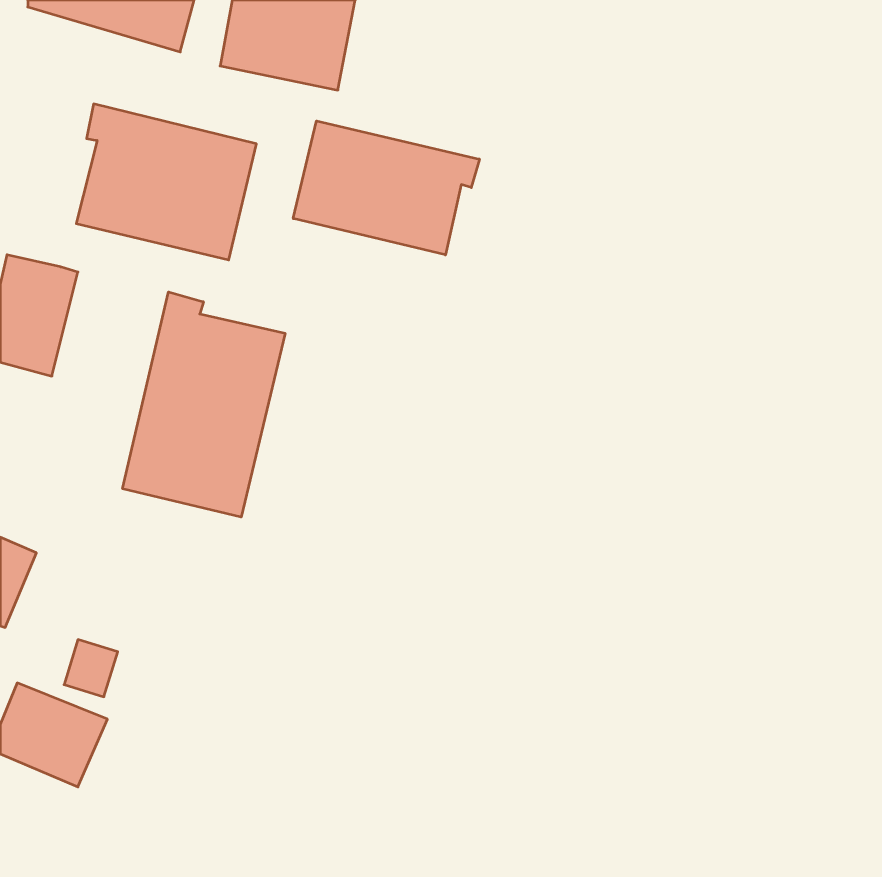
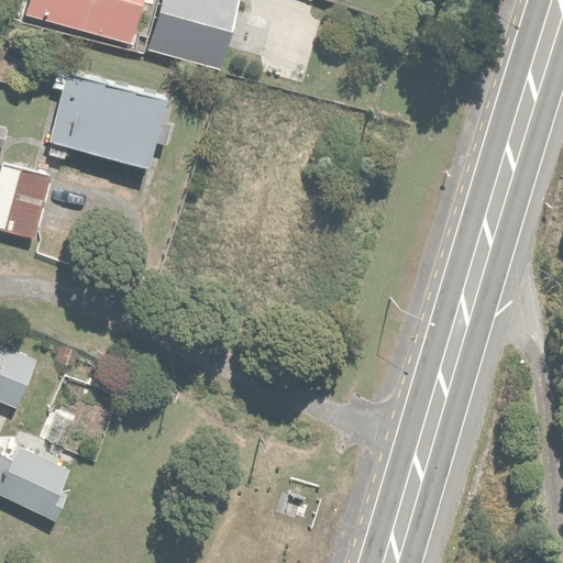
building: [293,121,479,255] -> none
building: [123,292,285,517] -> none

